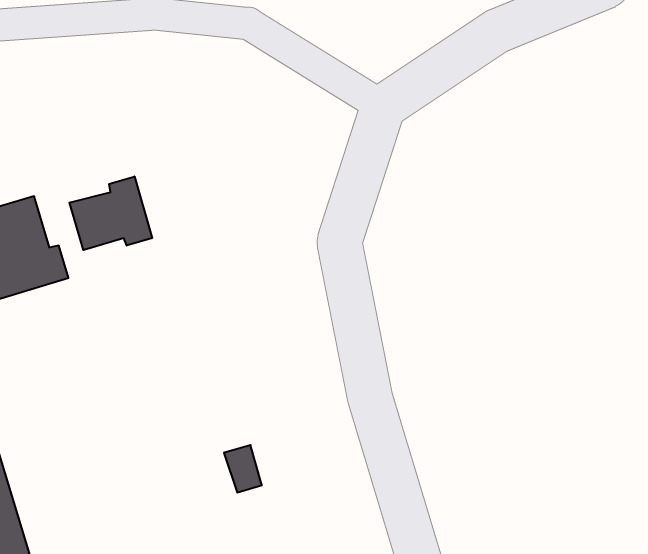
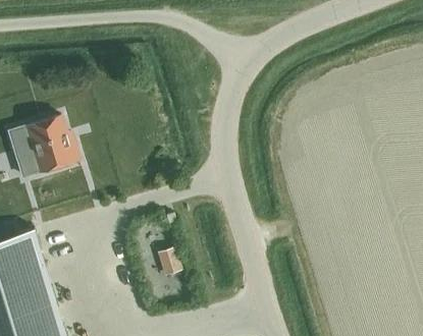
building: [69,176,152,250] -> none

